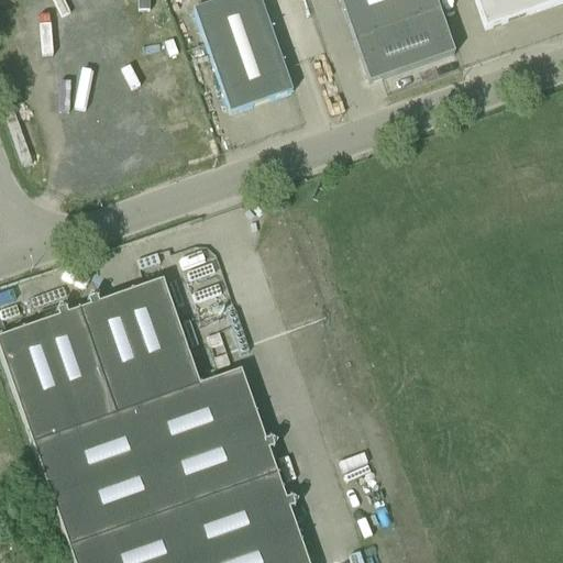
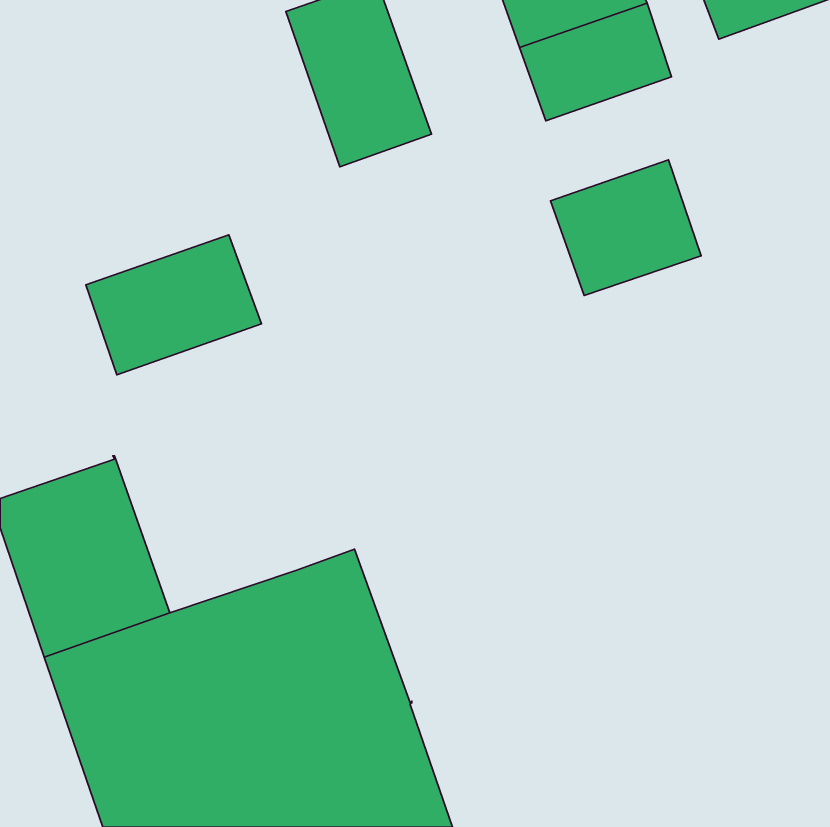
building: none -> [551,160,701,296]
building: none -> [86,235,261,375]
building: [80,279,202,412] -> none

